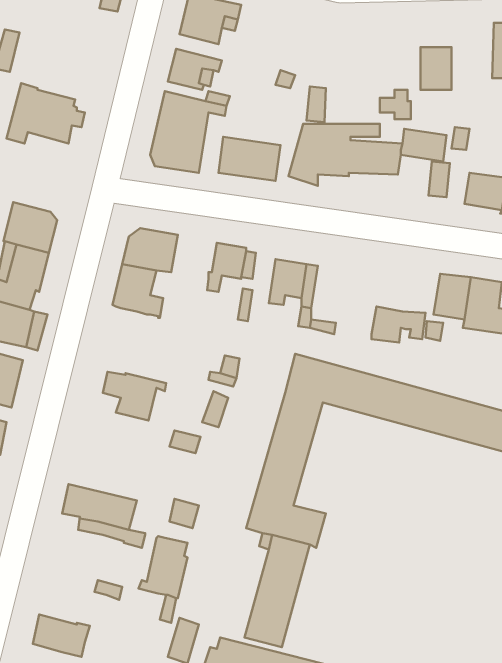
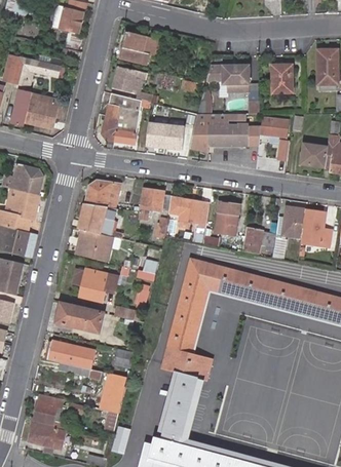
building: none -> [13,56,60,83]
building: none -> [223,66,249,85]
building: none -> [214,202,238,229]
building: none -> [74,229,120,262]
building: none -> [56,303,102,332]
building: none -> [33,393,64,427]

